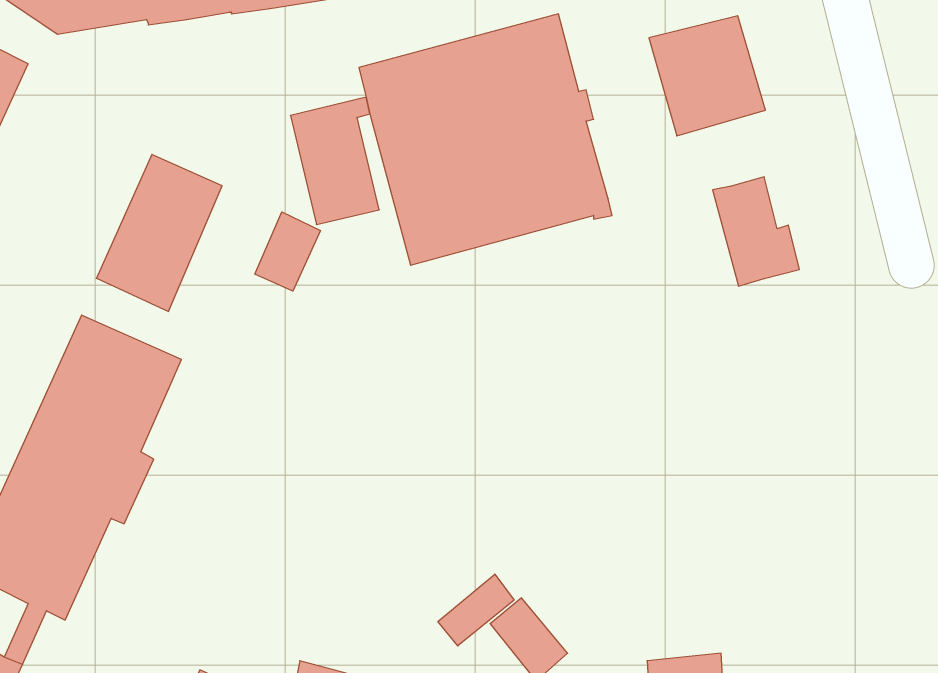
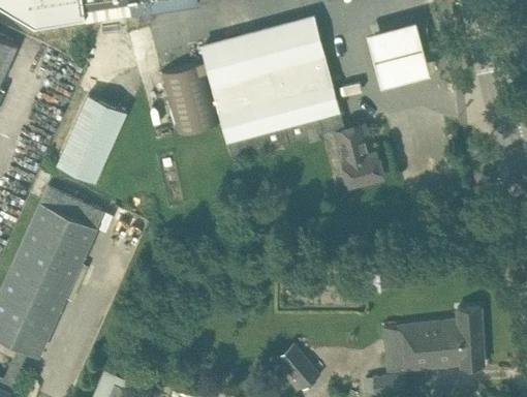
building: [713,177,799,286] -> [334,125,382,186]
building: [255,212,320,291] -> none
building: none -> [380,308,484,372]
building: [438,574,514,646] -> none

